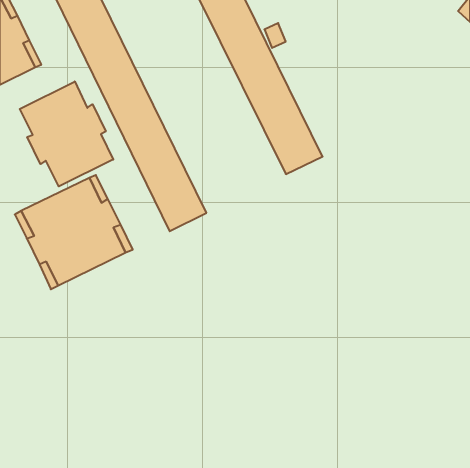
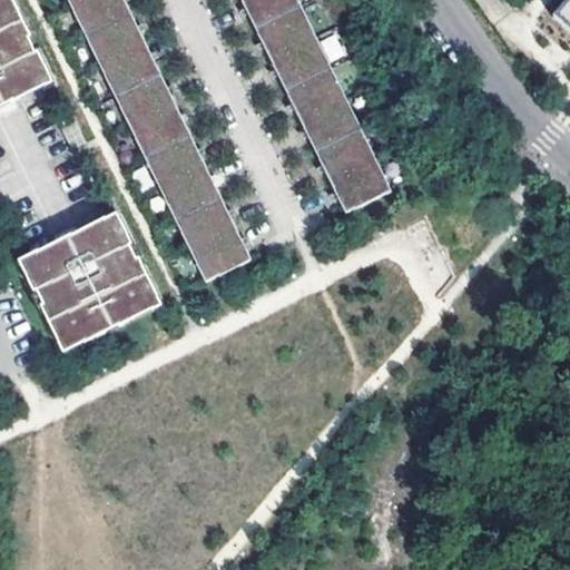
building: [20,81,113,186] -> none

